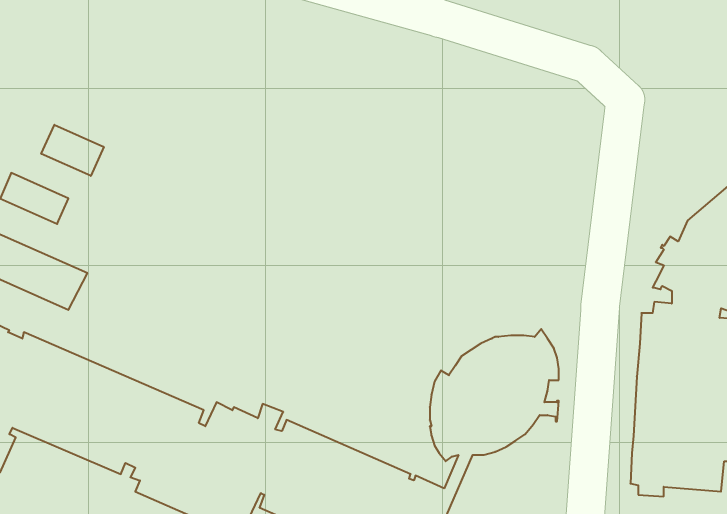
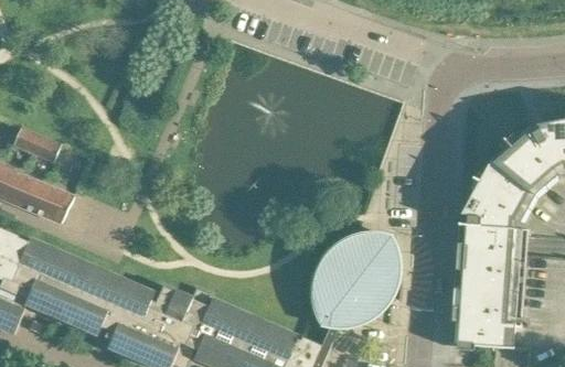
building: [41,125,104,176] -> none

